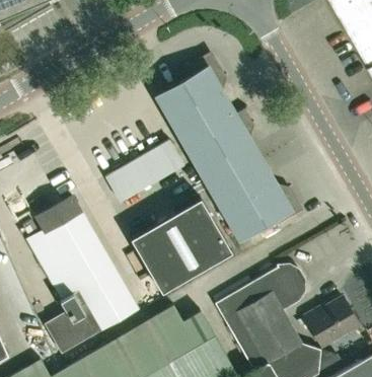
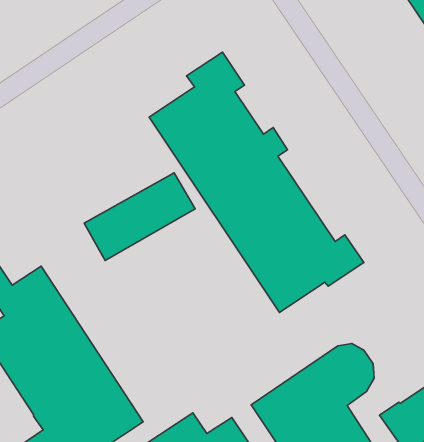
building: [129,199,231,293] -> none

